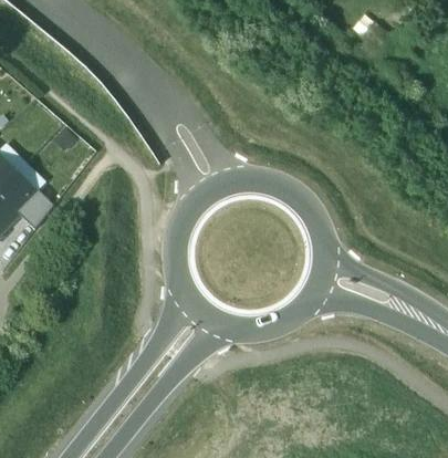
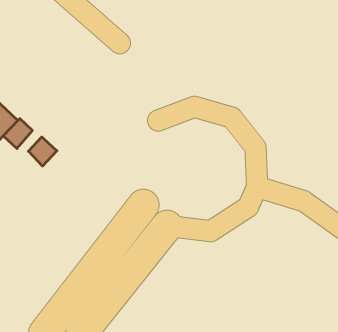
building: none -> [28,137,57,166]

